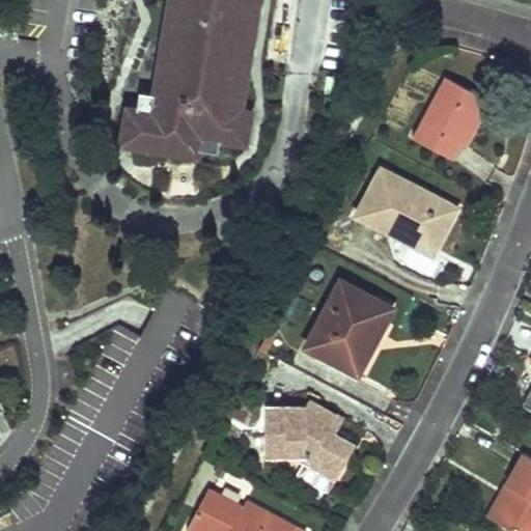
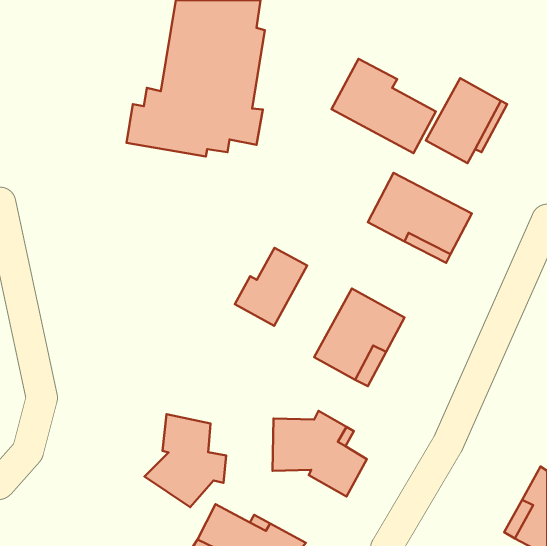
building: none -> [332,59,436,153]
building: none -> [235,248,307,326]
building: none -> [145,414,226,507]

